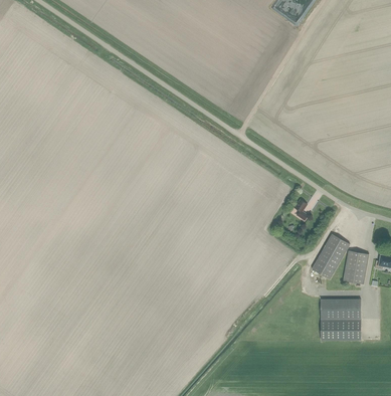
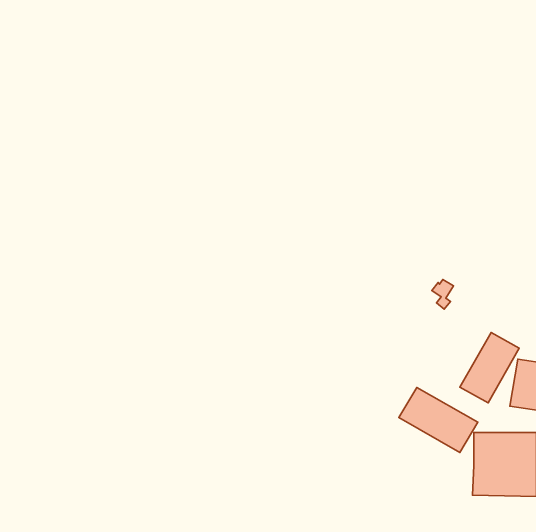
building: none -> [399,387,478,452]

